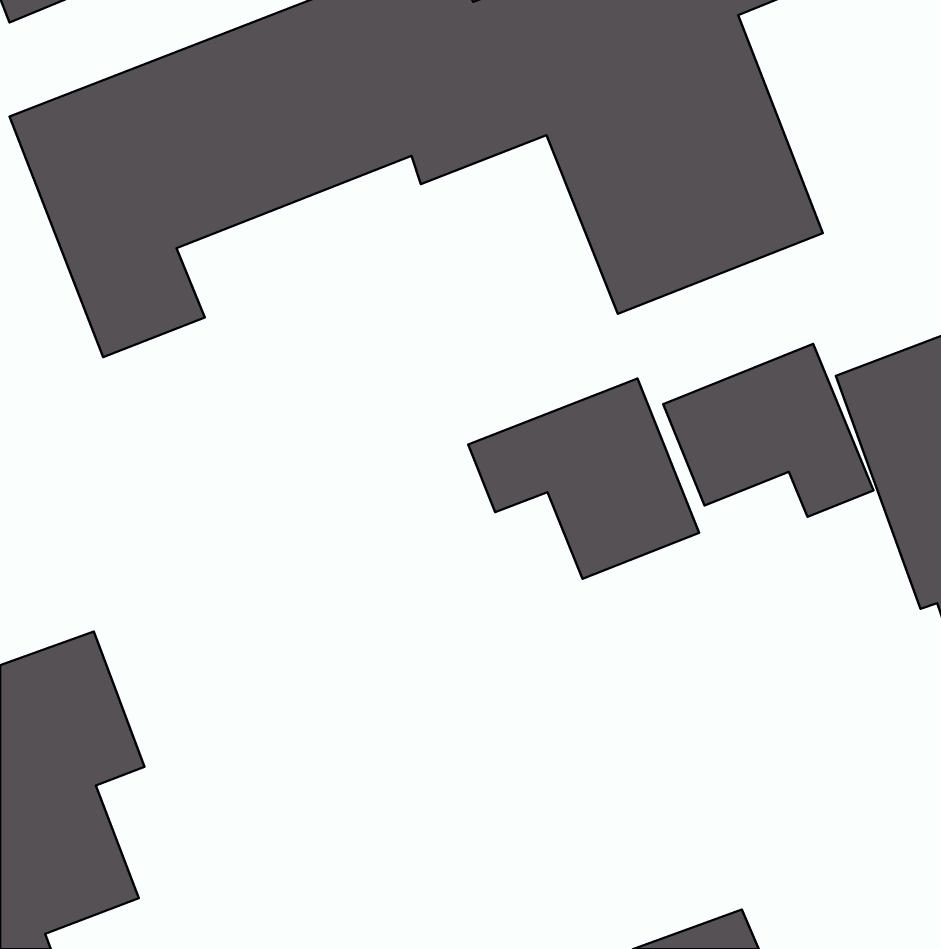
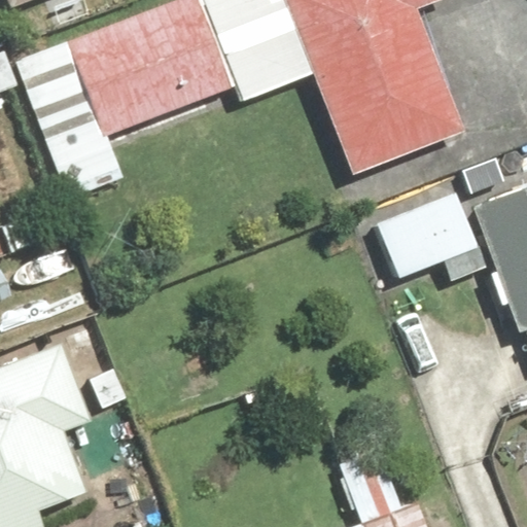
building: [468,378,699,579] -> none

